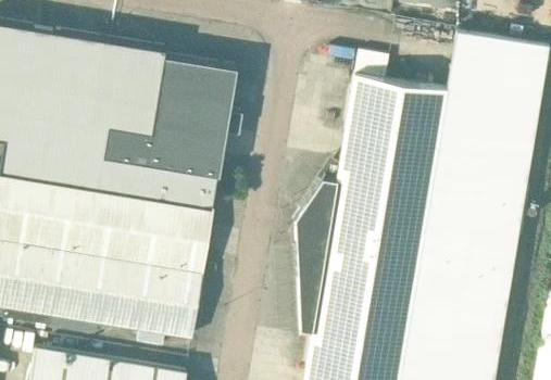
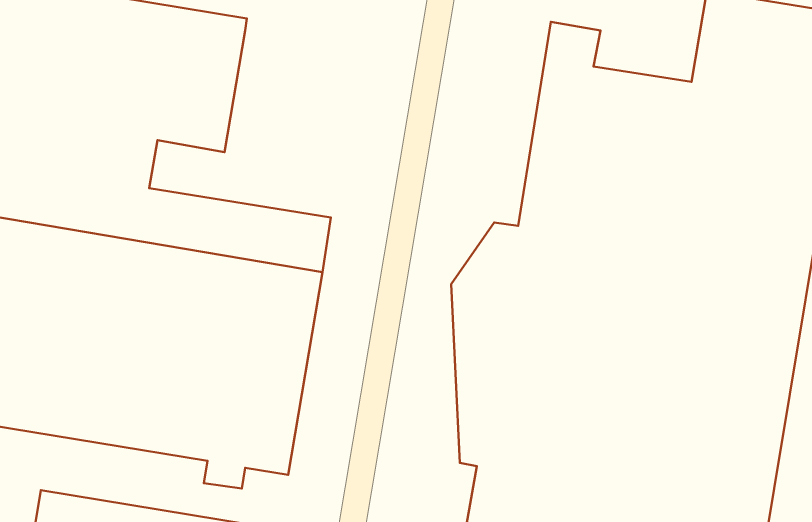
building: [103,58,242,176] -> none

